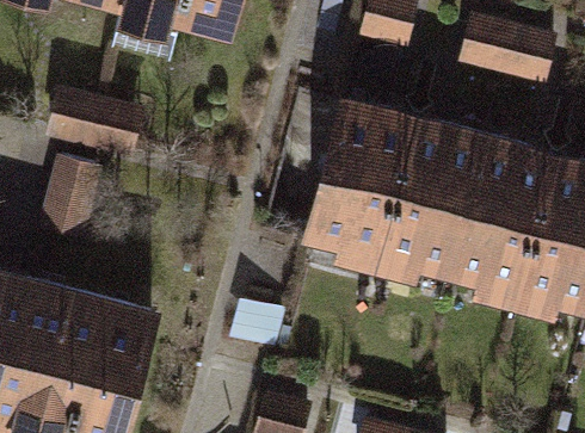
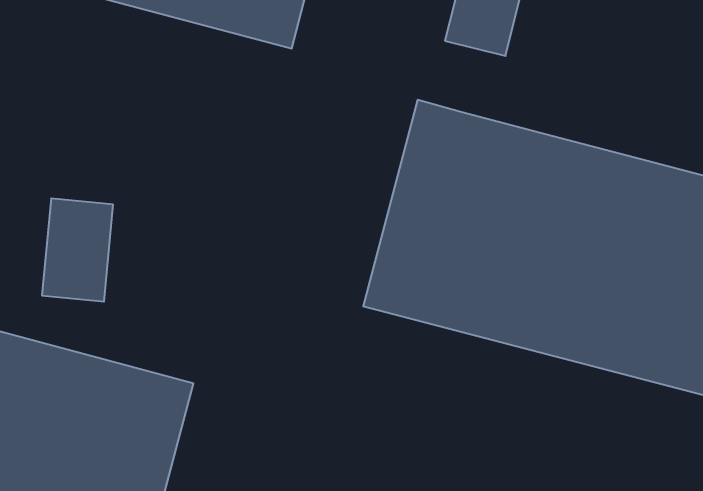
building: [460,23,555,85] -> none
building: [55,92,144,162] -> none

